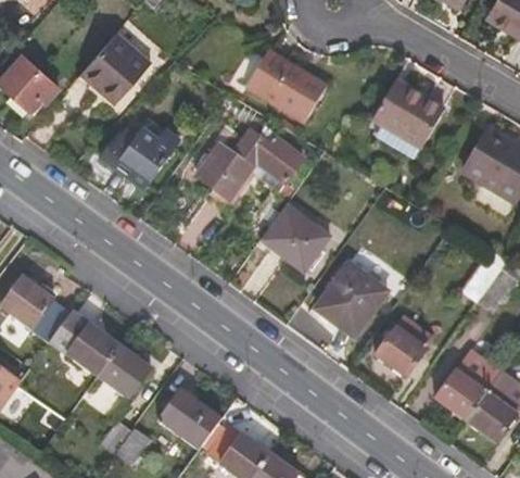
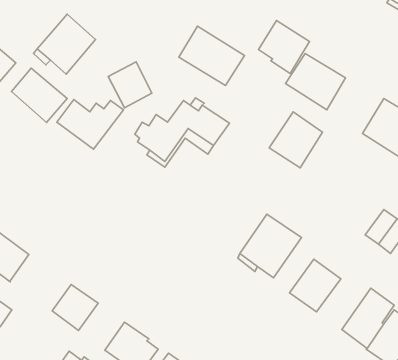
building: none -> [258,21,310,73]
building: none -> [108,62,152,108]
building: none -> [12,68,67,122]
building: none -> [269,112,323,168]
building: [272,211,330,269] -> none
building: [51,309,122,375] -> none

